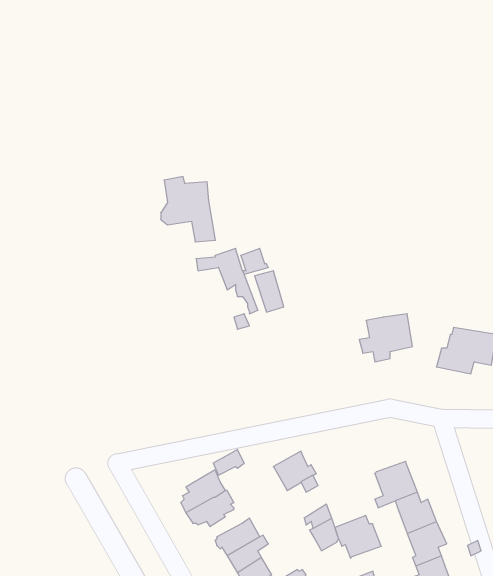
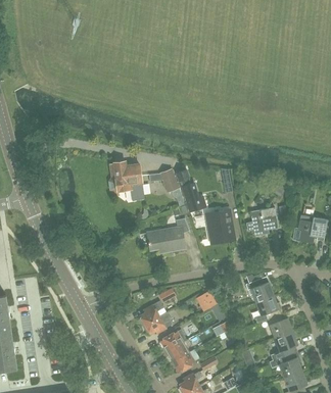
building: [161,177,216,242] -> [111,161,144,200]
building: none -> [207,209,231,241]
building: none -> [147,218,188,251]
building: [335,515,381,558] -> [245,277,273,302]

